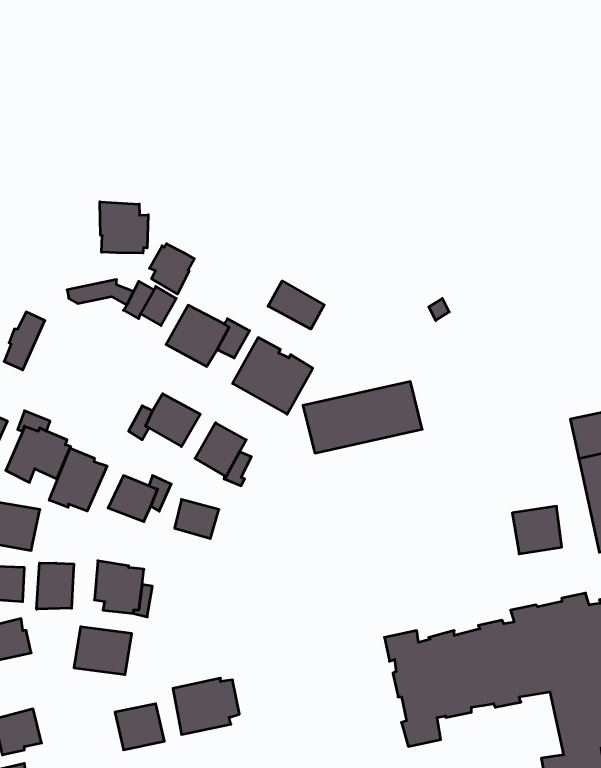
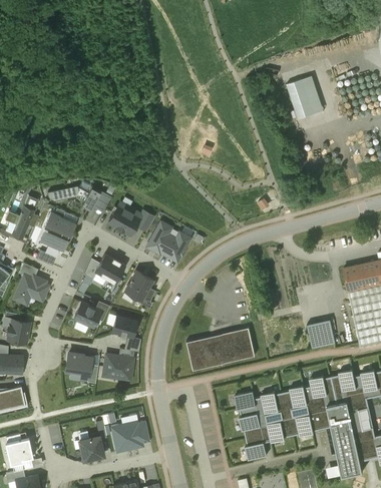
building: none -> [287,75,324,118]
building: [100,202,148,253] -> none
building: [149,244,194,294] -> none
building: [268,281,324,329] -> none
building: none -> [37,212,75,253]
building: [303,382,422,453] -> [185,327,256,369]
building: [49,448,107,511] -> none
building: [37,563,74,609] -> none
building: [74,627,132,675] -> [101,353,135,381]

